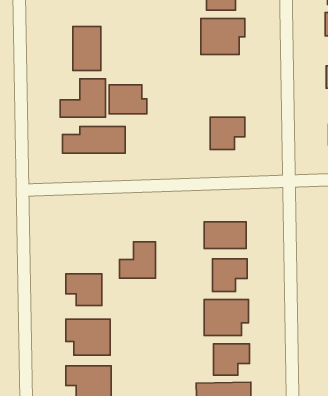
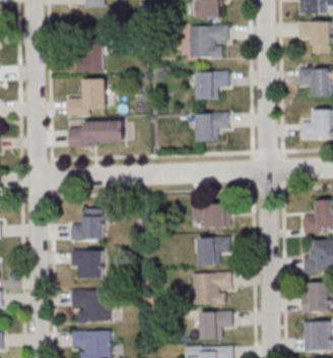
building: none -> [198,71,227,100]
building: [109,85,147,114] -> none
building: [119,242,155,278] -> [71,208,103,240]

